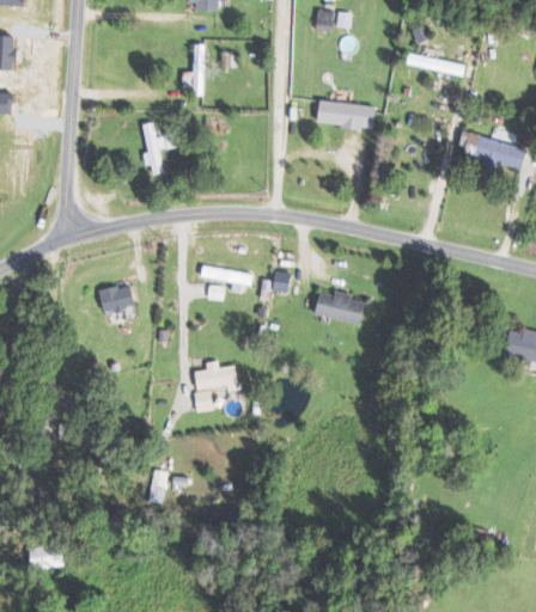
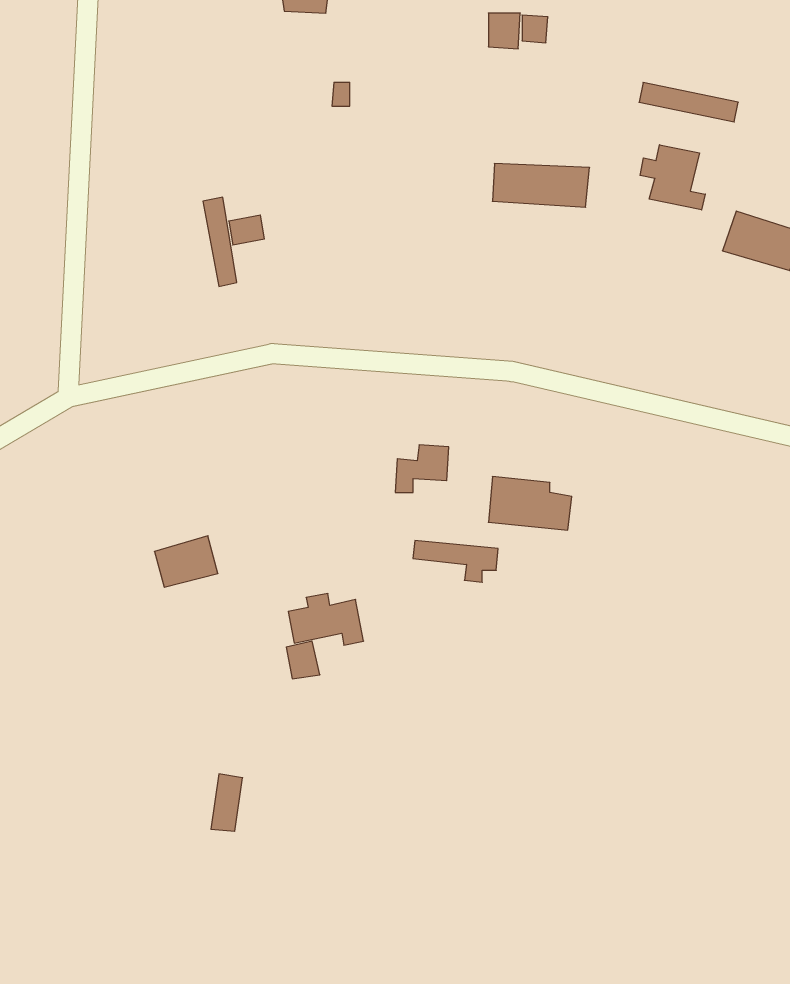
building: [183,44,205,96] -> none
building: none -> [640,145,705,210]
building: [200,268,251,293] -> [413,541,498,582]
building: [97,283,135,314] -> [154,536,218,587]
building: [29,544,66,571] -> none

